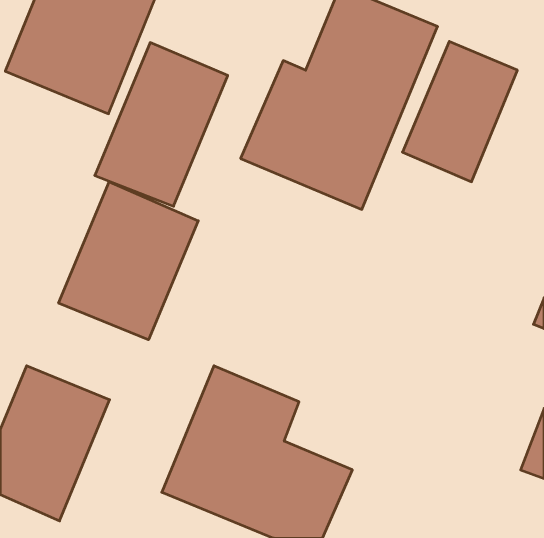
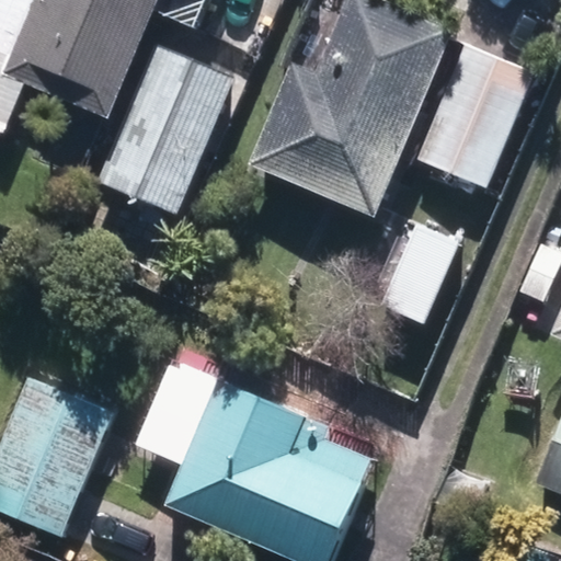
building: [59,182,198,340] -> none

